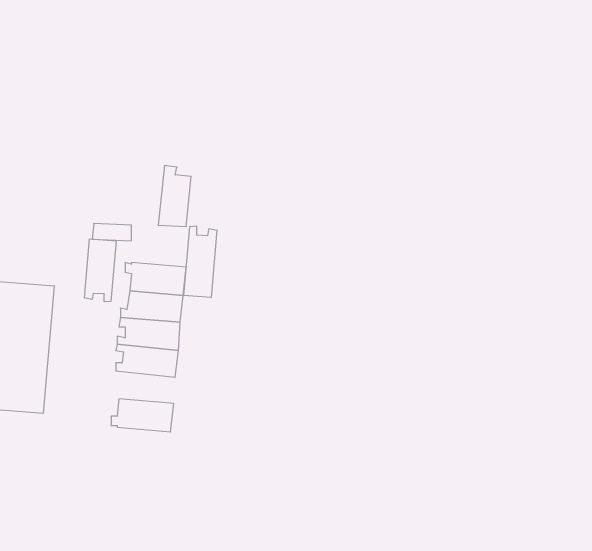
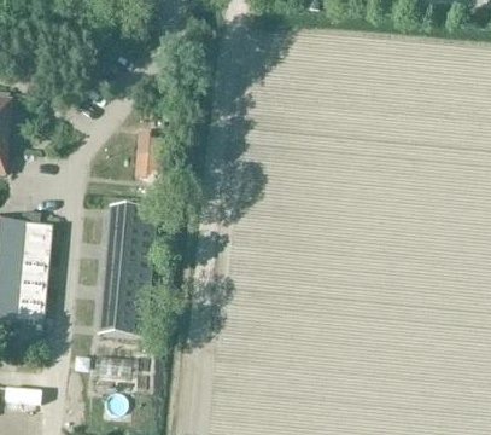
building: [184,226,217,298] -> none
building: [84,239,116,302] -> none
building: none -> [99,288,146,313]

